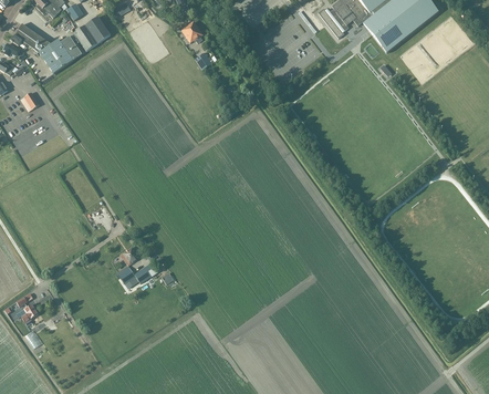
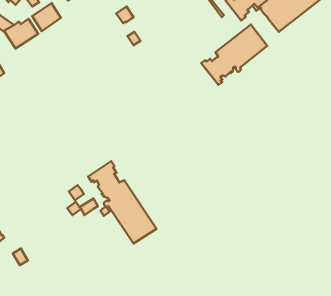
building: none -> [201,24,267,85]
building: none -> [88,161,156,243]

